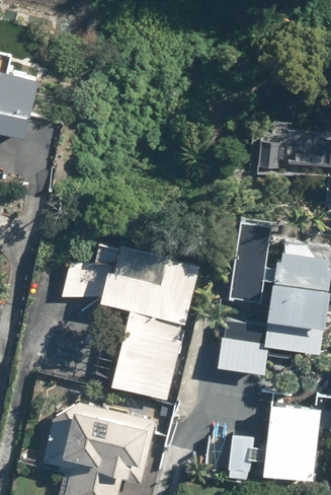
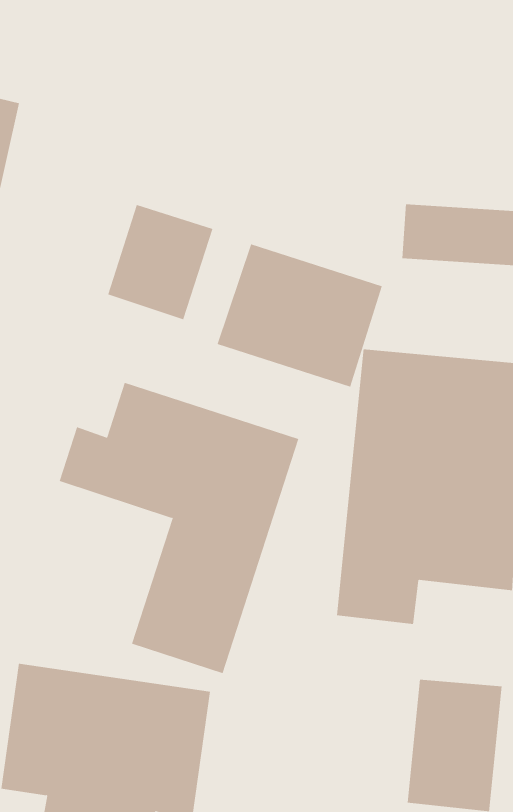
building: none -> [108,204,213,320]
building: none -> [217,244,383,388]

